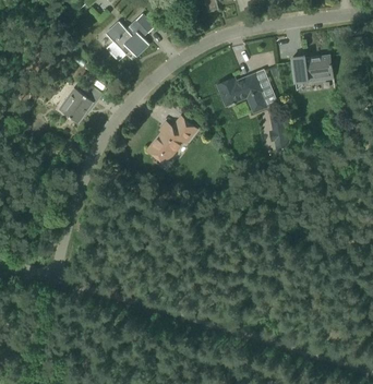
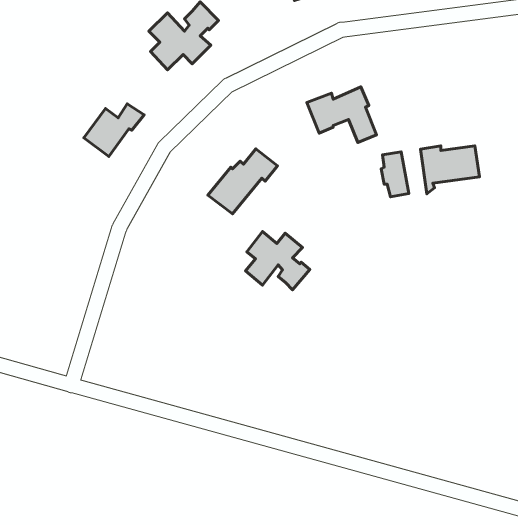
building: [292,56,334,89] -> [421,146,479,194]
building: none -> [245,231,310,290]

